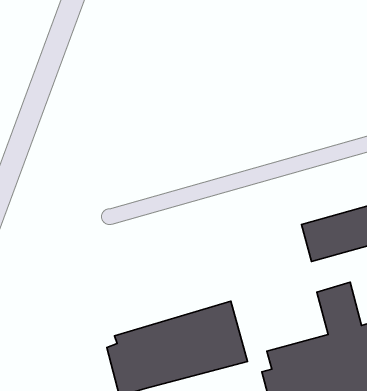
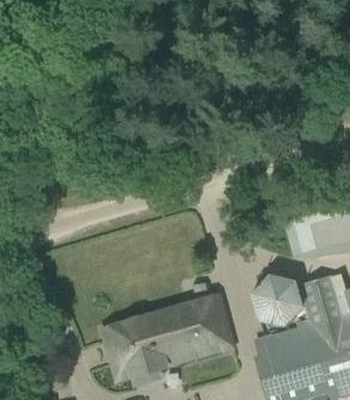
building: none -> [252,270,304,329]

